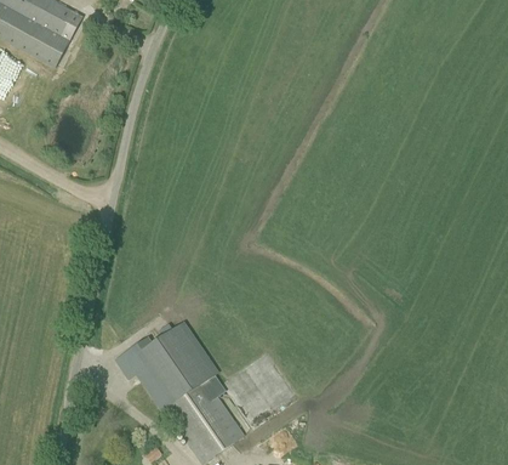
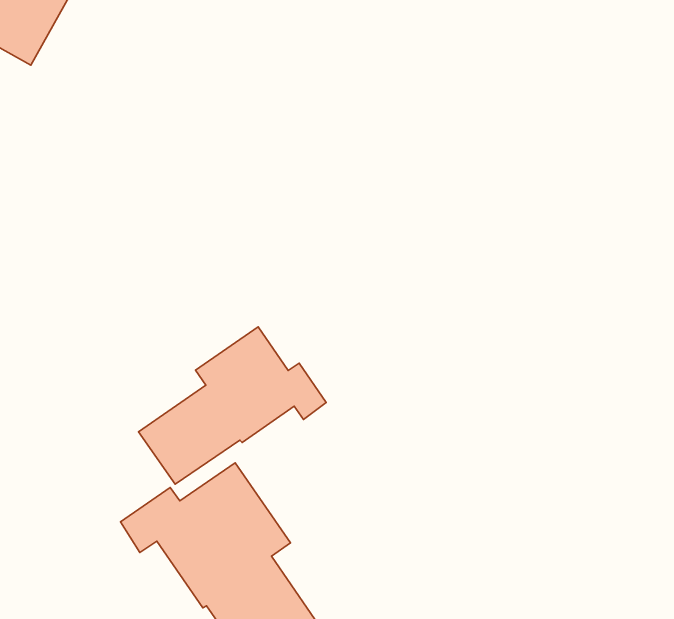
building: none -> [139,327,326,484]

